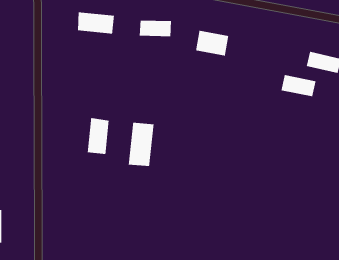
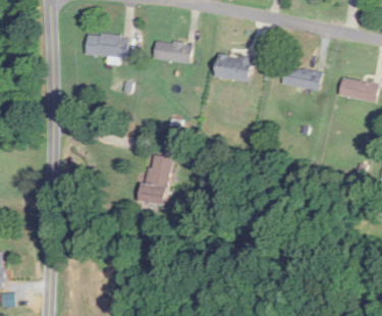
building: [281,74,317,97] -> [281,65,321,91]
building: [87,117,110,155] -> none

